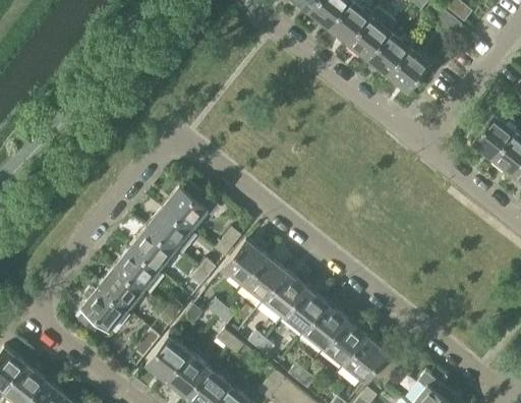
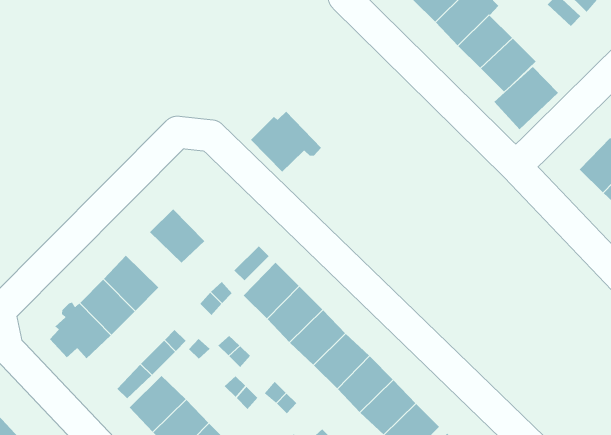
building: none -> [494,66,559,130]
building: [163,182,219,230] -> [250,111,322,173]
building: [130,228,174,270] -> none

